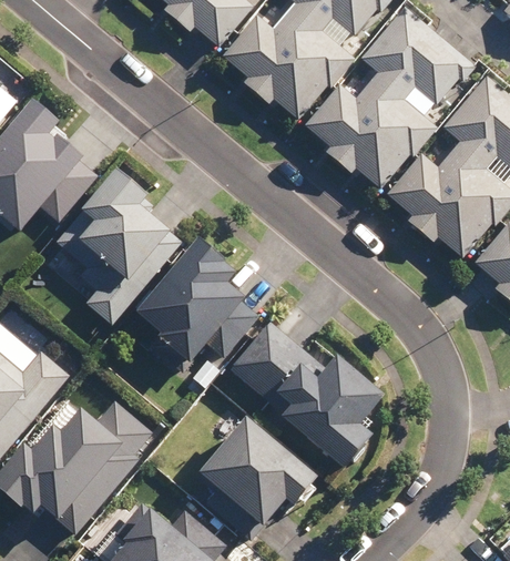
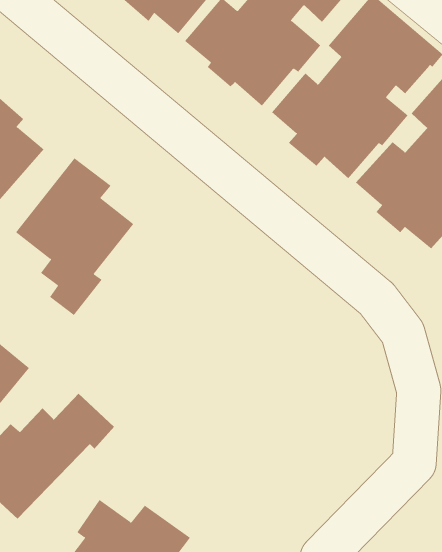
building: [134,238,244,366] -> none
building: [227,314,387,476] -> none
building: [191,406,316,542] -> none

